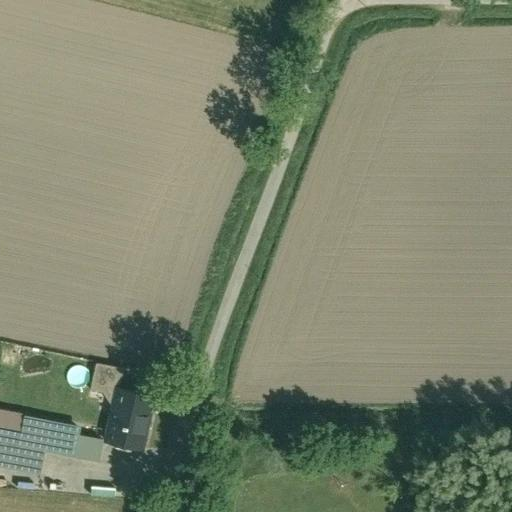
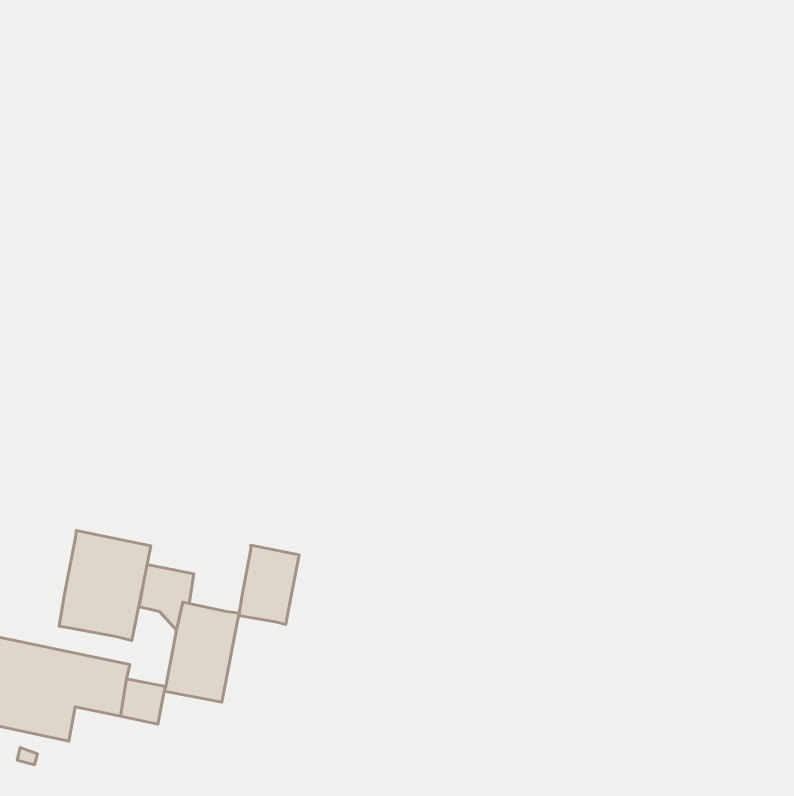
building: none -> [59,531,151,641]
building: none -> [239,545,299,625]

